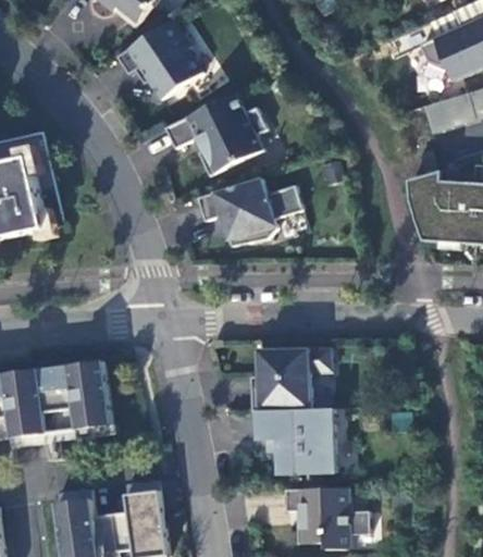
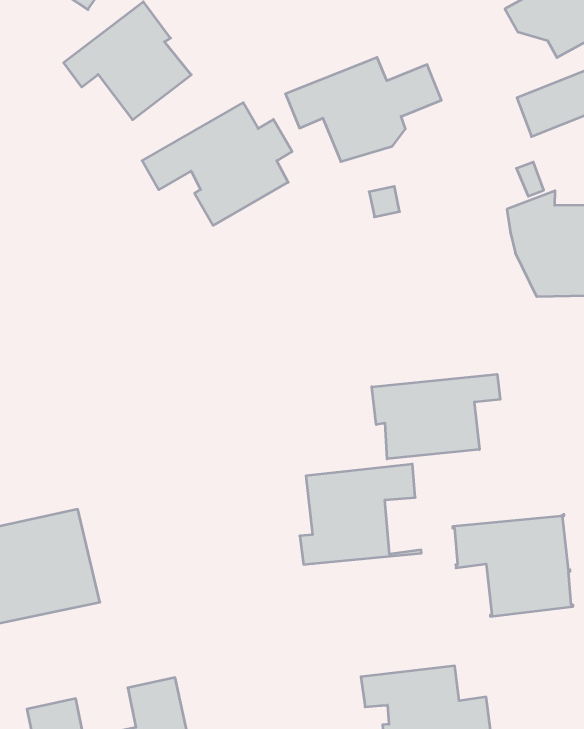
building: [198,177,304,246] -> [285,57,441,162]
building: none -> [372,374,500,459]
building: [259,408,336,473] -> [453,514,573,616]

